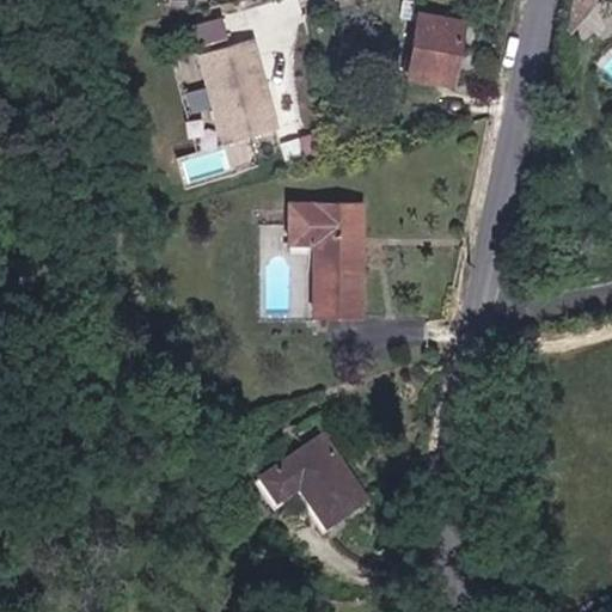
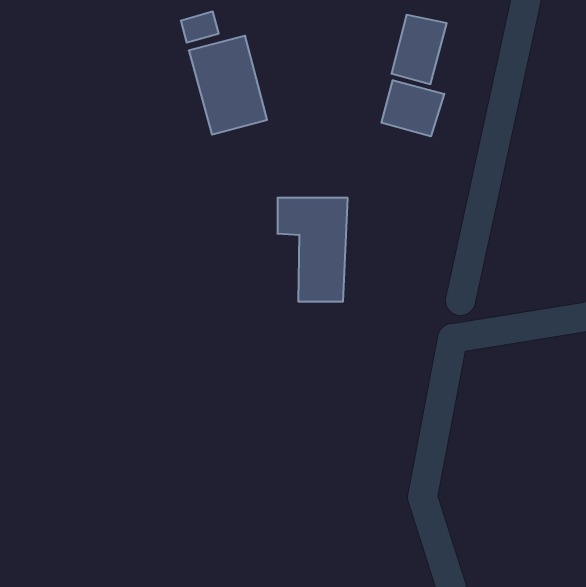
building: none -> [382,80,444,136]
building: [263,439,360,528] -> none

